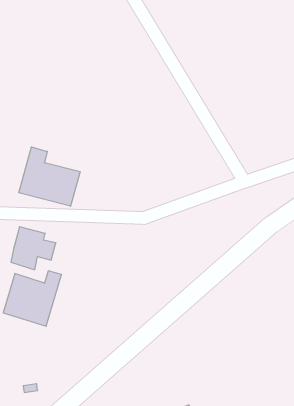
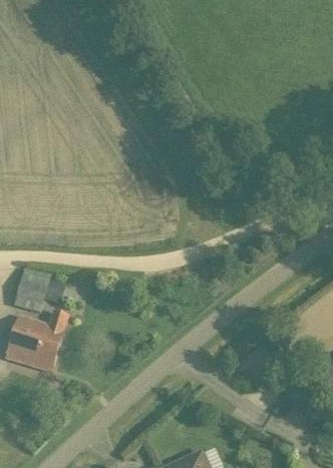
building: [19,147,80,206] -> none

